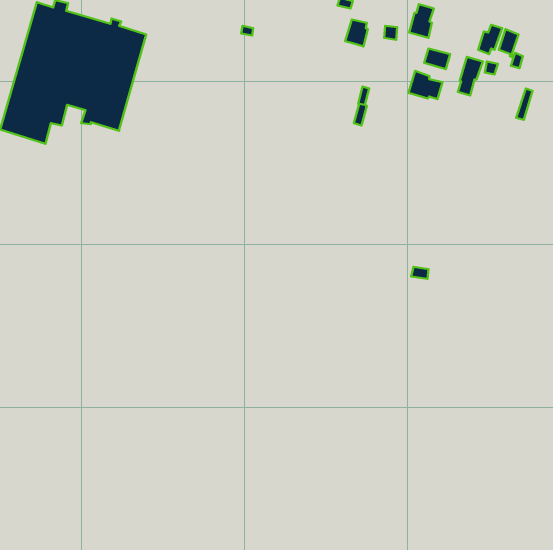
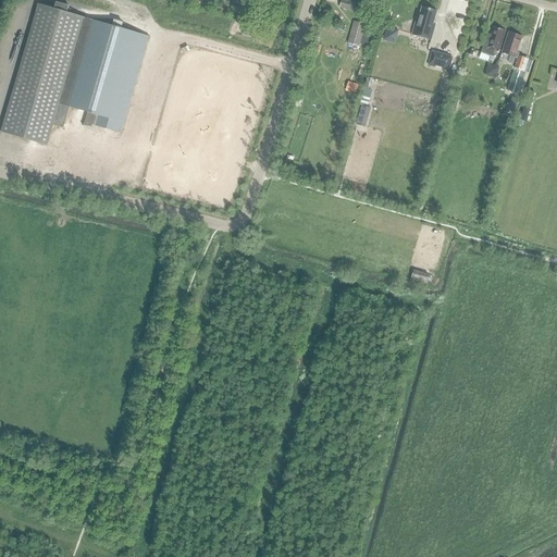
building: [458,57,483,95] -> none
building: [409,71,442,99] -> none

